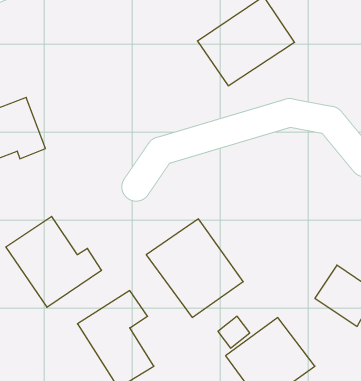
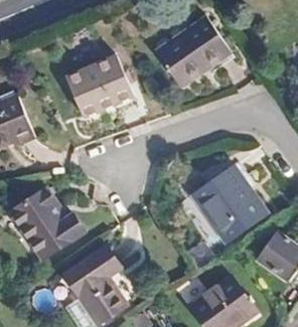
building: none -> [72,60,138,119]
building: [146,219,243,317] -> [189,161,266,238]

